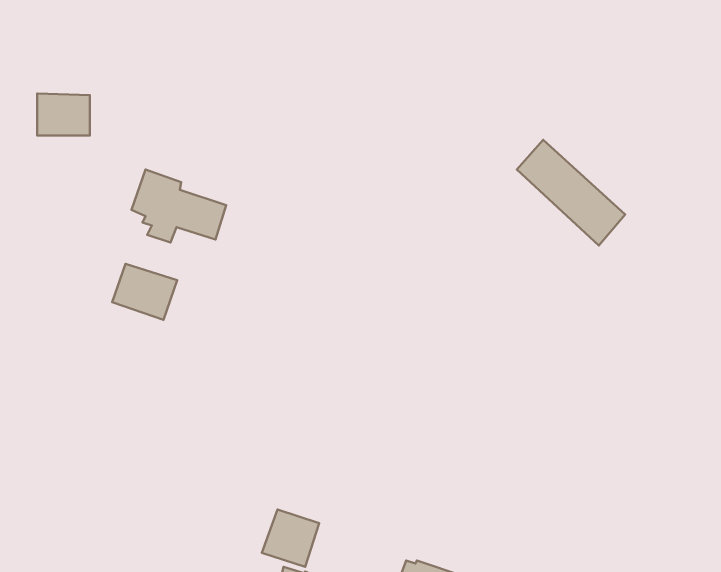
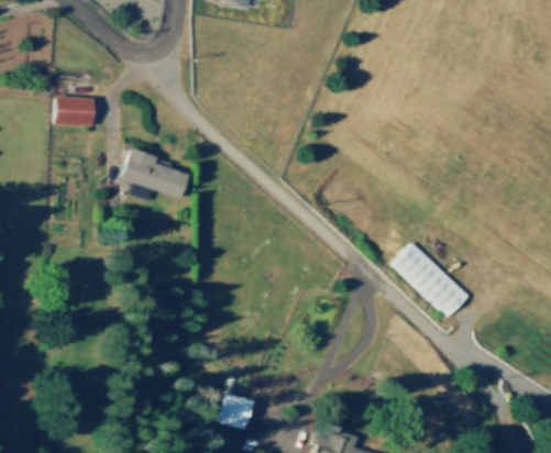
building: [517,140,625,245] -> [394,243,471,318]
building: [112,264,177,320] -> none

